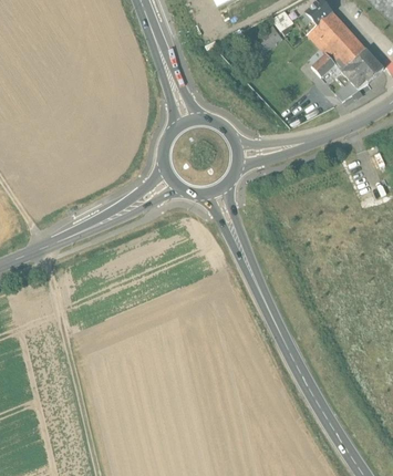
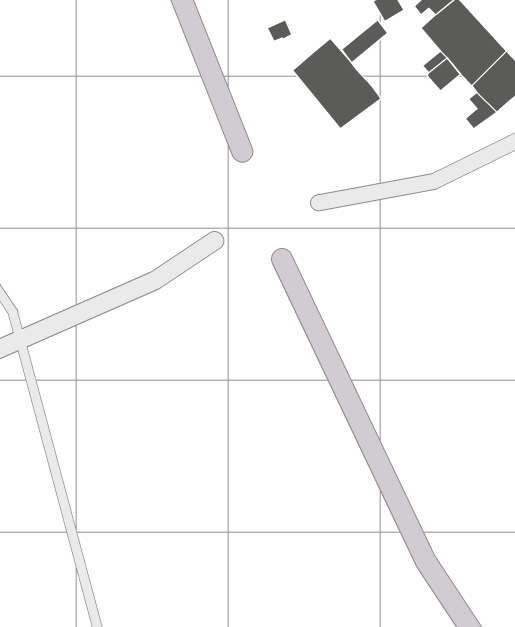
building: none -> [293,38,381,129]

